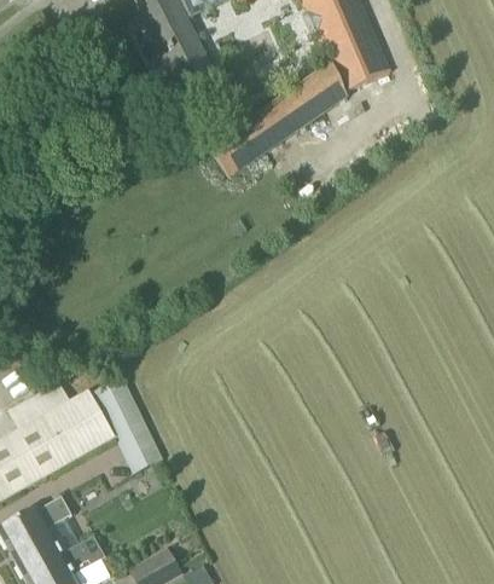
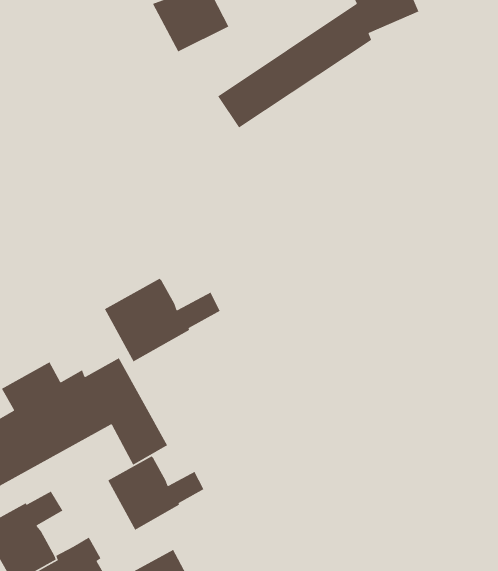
building: none -> [104,278,221,363]
building: none -> [107,455,204,531]

